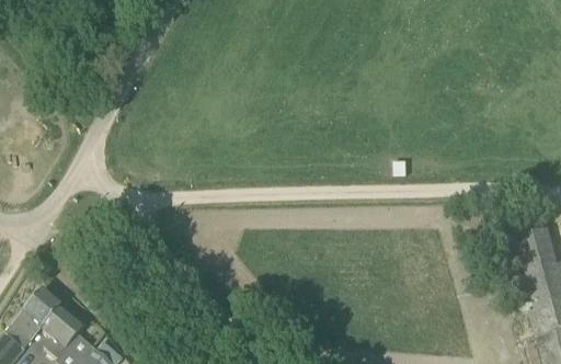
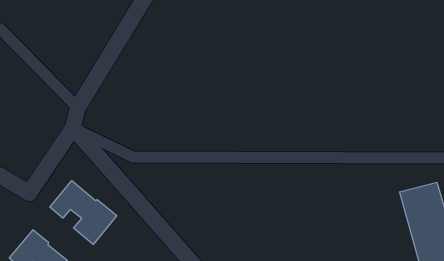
building: none -> [50,181,117,244]

